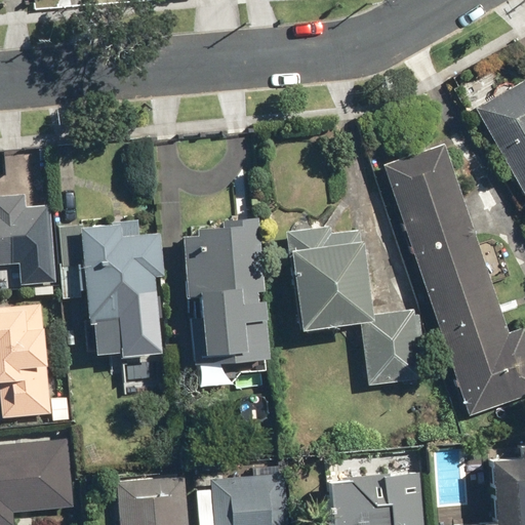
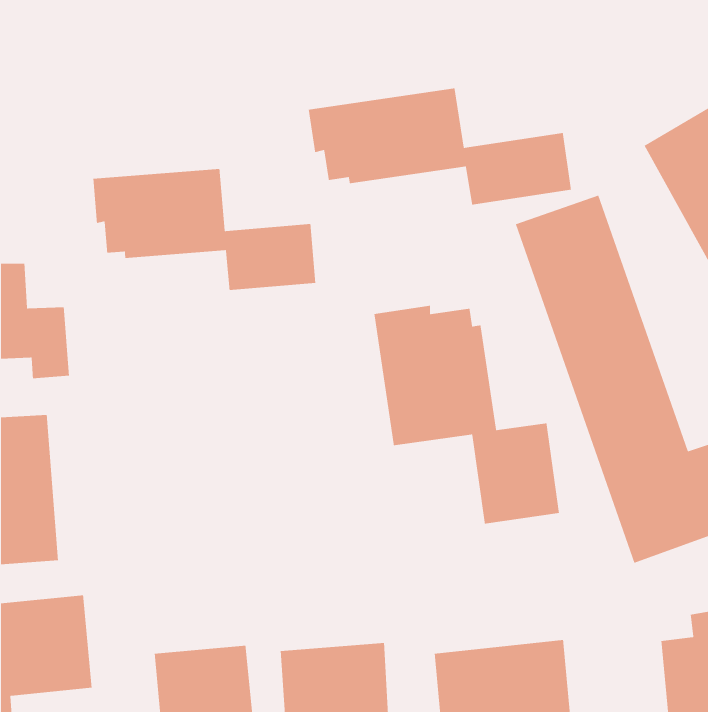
building: none -> [308,87,572,206]
building: none -> [92,168,316,291]
building: [184,218,271,366] -> none
building: [82,223,165,357] -> none

